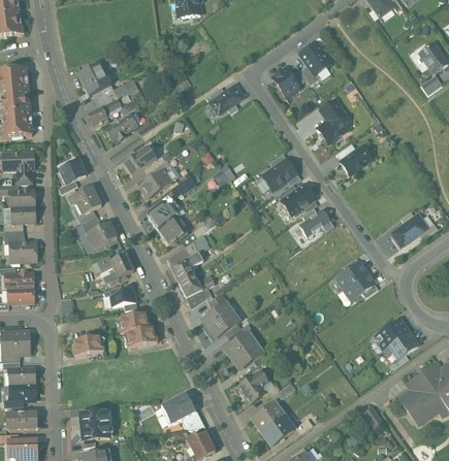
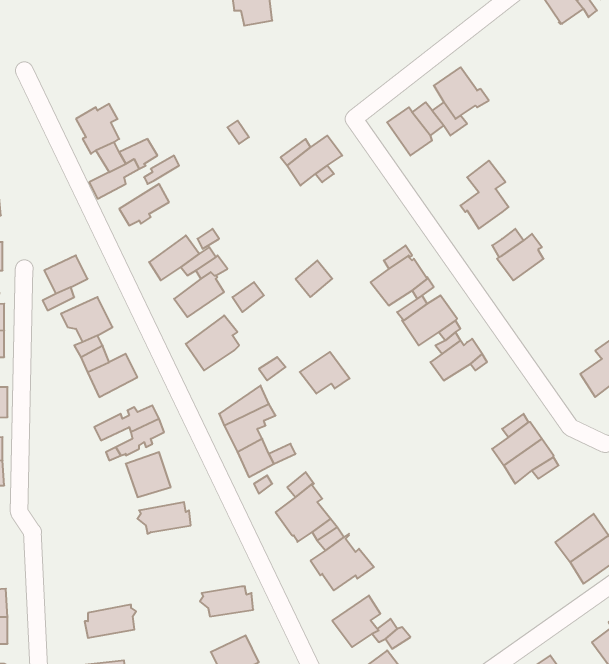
building: [158,219,189,244] -> [300,352,350,394]
building: [124,327,157,345] -> [200,586,253,616]
building: [72,335,104,356] -> [85,605,136,638]

